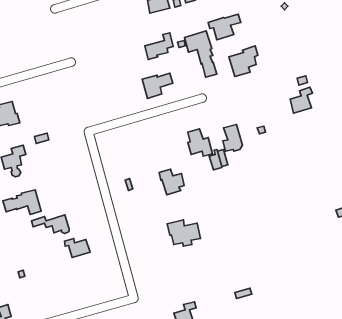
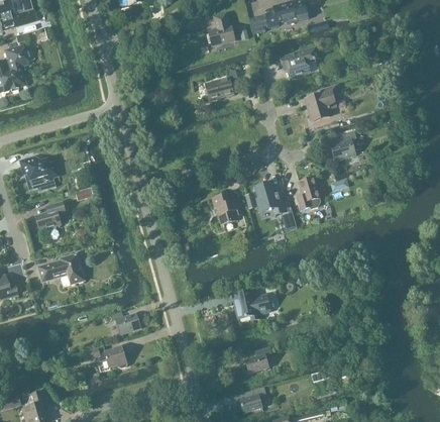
building: [184,31,217,77] -> none
building: [142,73,173,98] -> none
building: [290,87,312,113] -> [331,131,357,162]
building: [159,169,184,195] -> [213,195,242,225]
building: [32,215,69,234] -> [83,346,127,368]
building: none -> [245,346,272,374]

